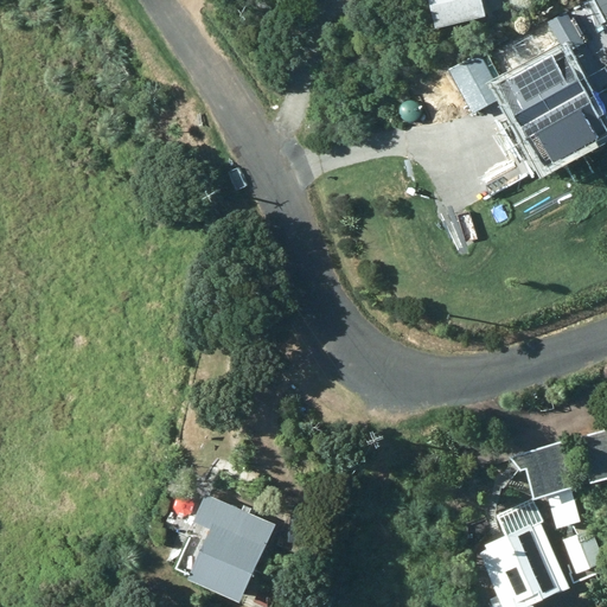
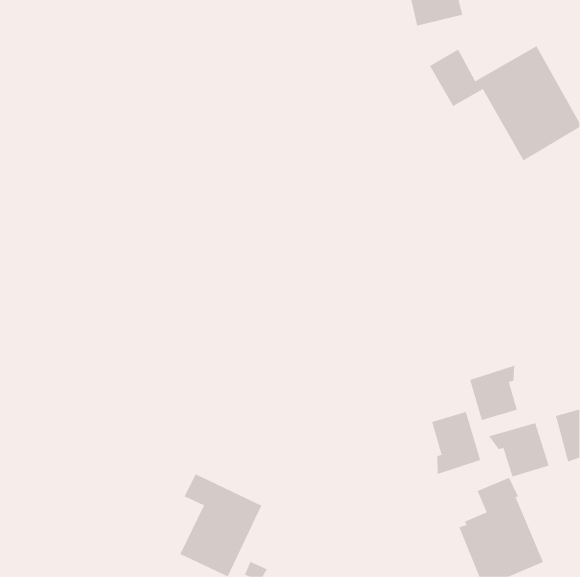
building: none -> [469,365,517,421]
building: none -> [432,411,481,475]

